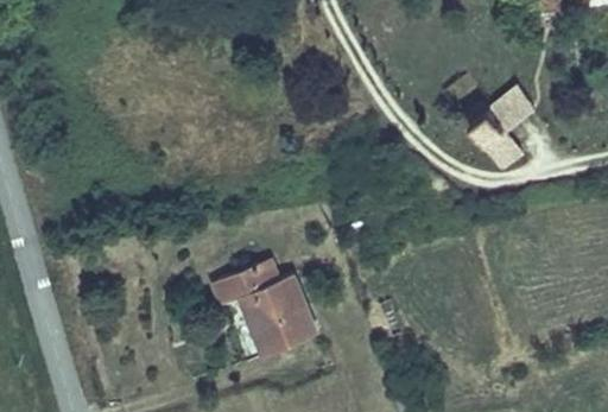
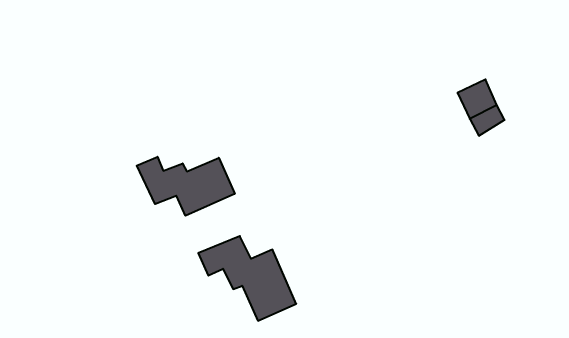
building: none -> [137,157,235,216]

